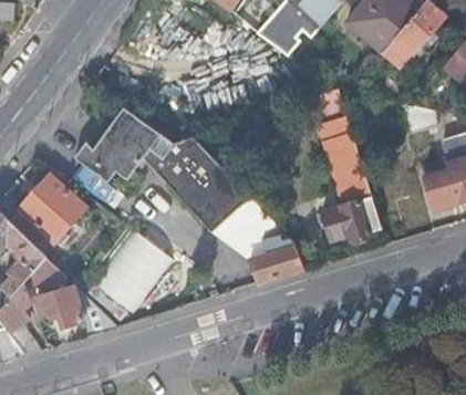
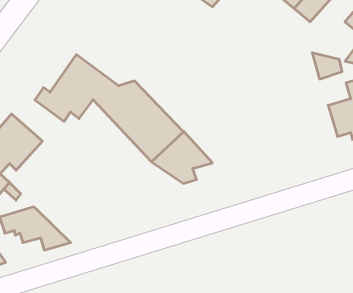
building: [314,116,380,240] -> none
building: [94,226,176,309] -> none
building: [249,232,303,282] -> none

